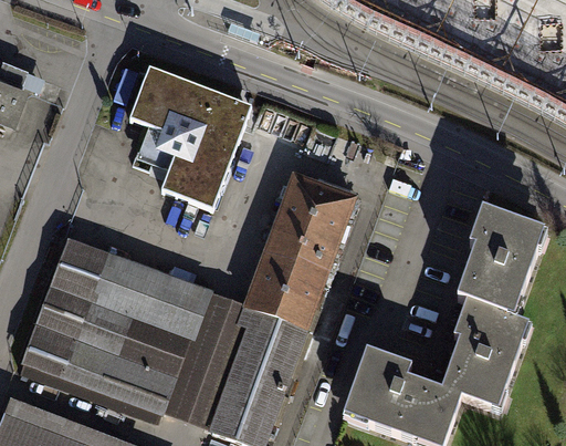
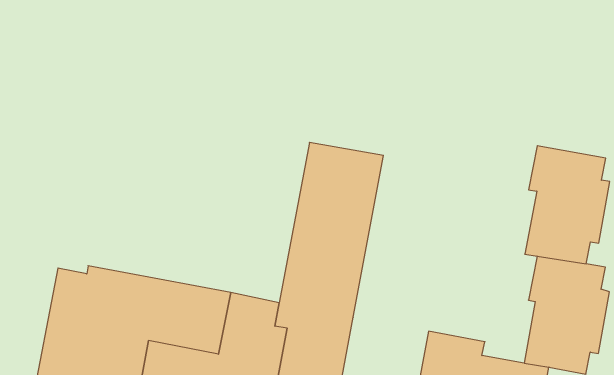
building: [128,68,250,209] -> none

